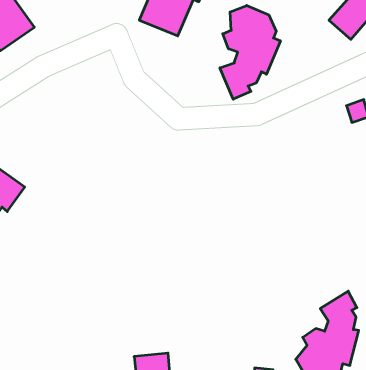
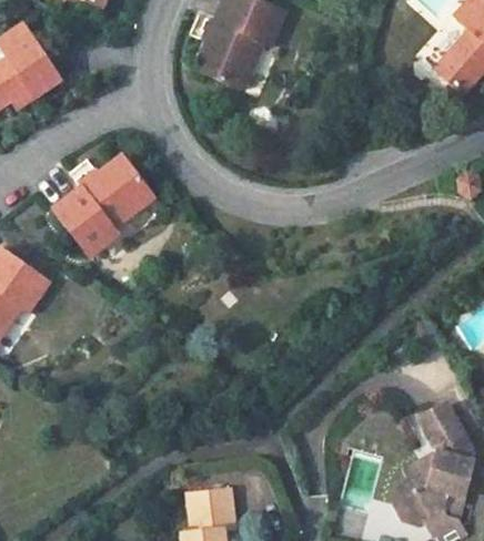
building: [220,5,280,99] -> none
building: none -> [51,154,152,255]

